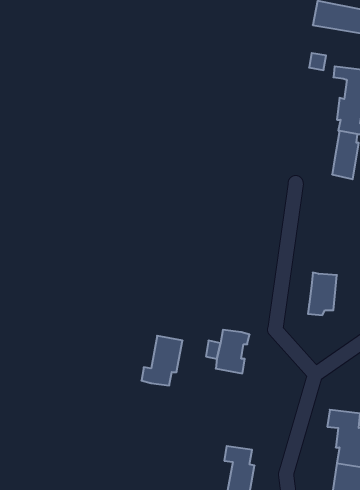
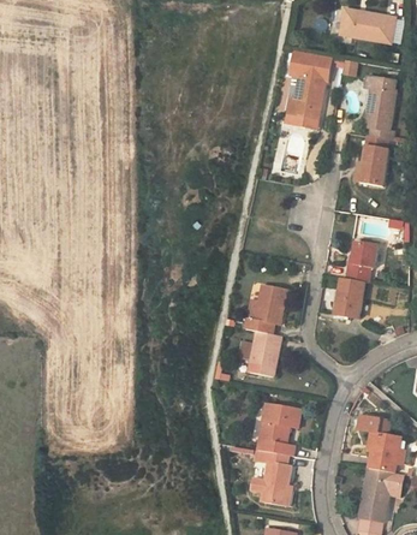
building: none -> [290,53,323,129]
building: none -> [349,242,379,281]
building: [141,336,183,385] -> [244,289,285,338]
building: none -> [255,404,294,456]

